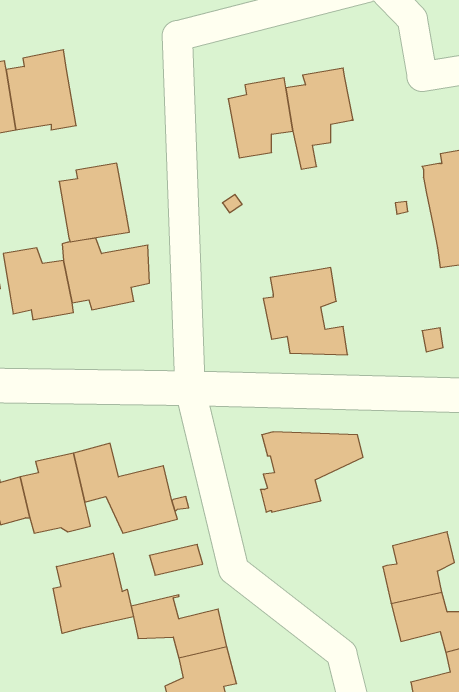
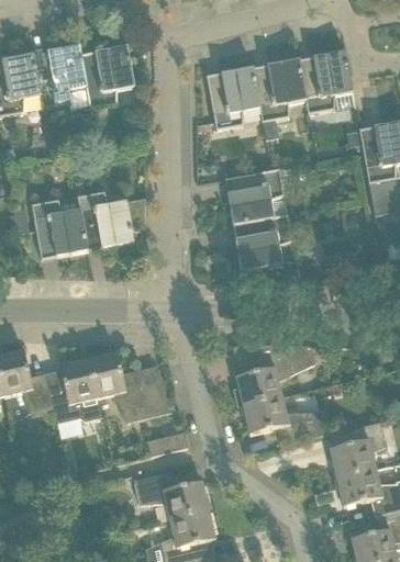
building: none -> [299,48,354,112]
building: [59,163,129,242] -> [81,44,136,105]
building: none -> [227,167,285,223]
building: none -> [242,395,316,441]
building: [53,553,133,633] -> none

